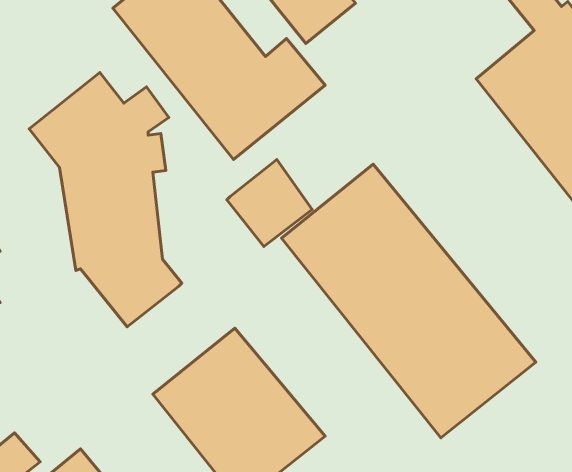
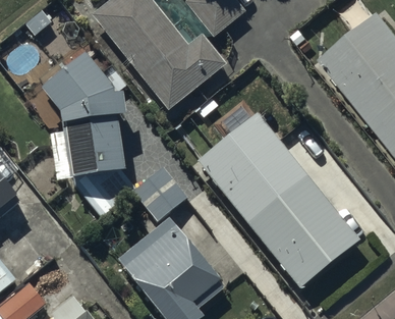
building: [227,160,312,246] -> [132,165,186,220]

